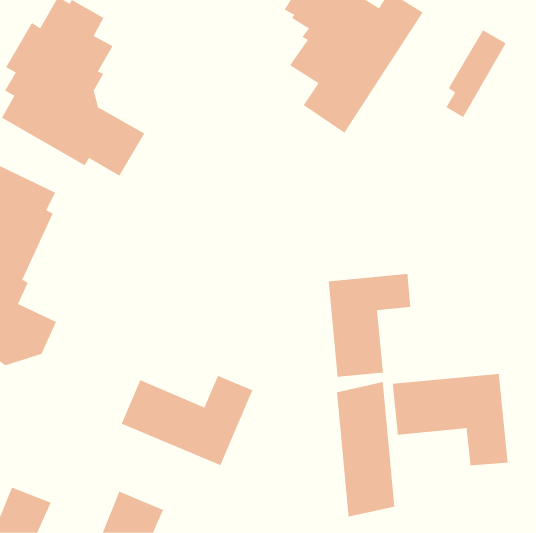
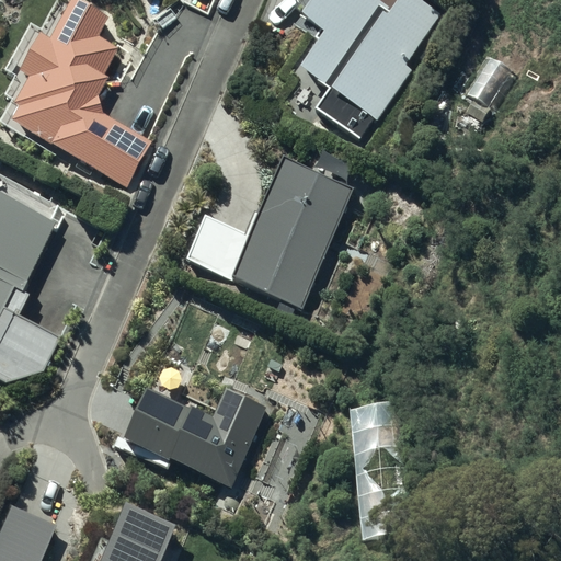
building: none -> [187,160,353,308]
building: [328,273,411,378] -> none
building: [392,373,508,466] -> none

